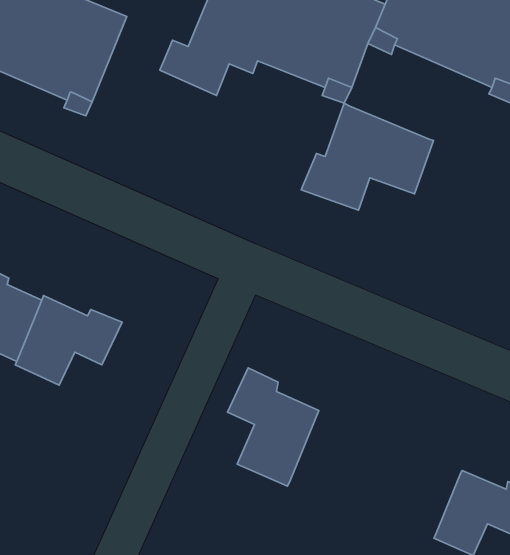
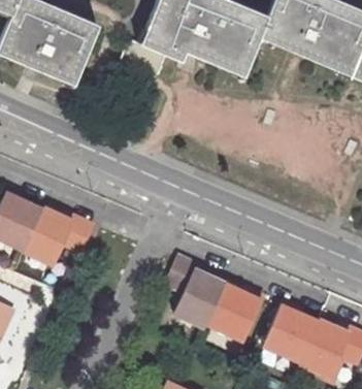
building: [301,103,433,210] -> none
building: none -> [206,282,264,344]
building: none -> [263,301,318,363]

